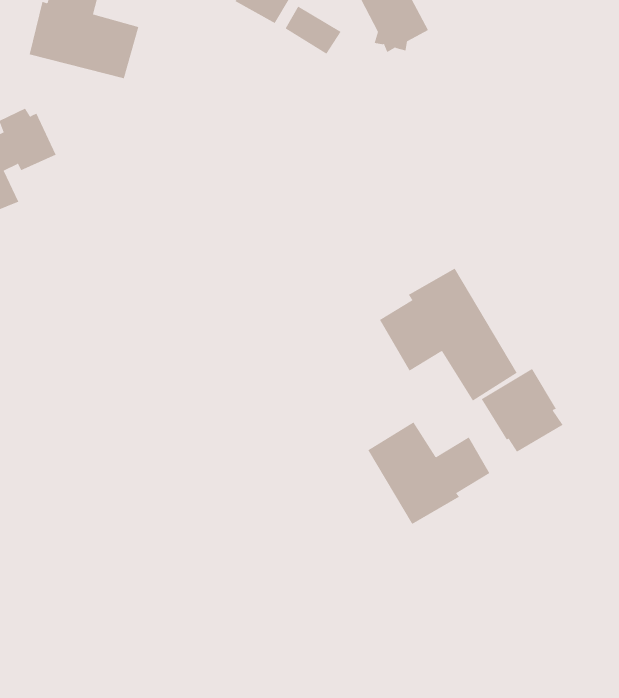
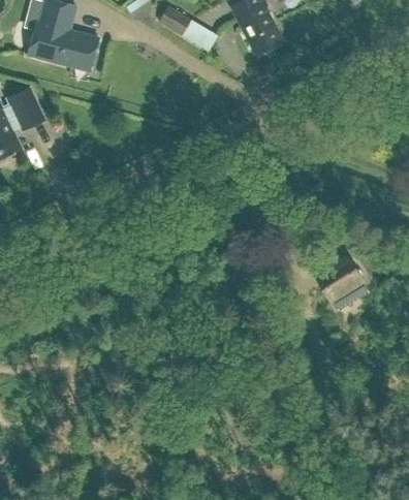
building: [379,268,518,402] -> none
building: [368,421,490,525] -> none

